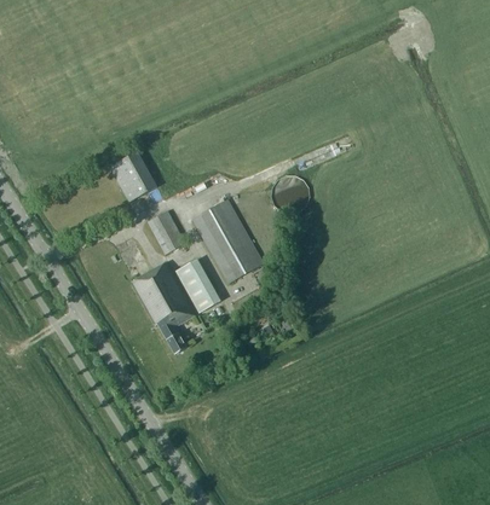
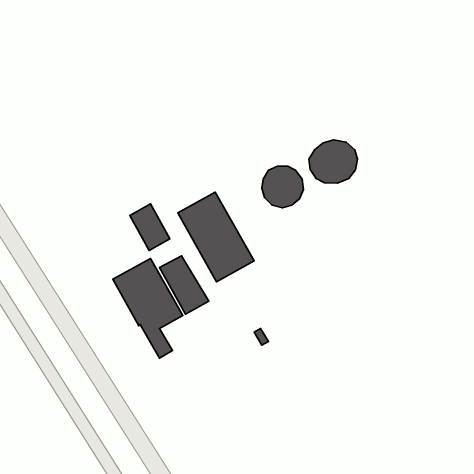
building: none -> [309,140,358,183]
building: [110,151,157,202] -> none

